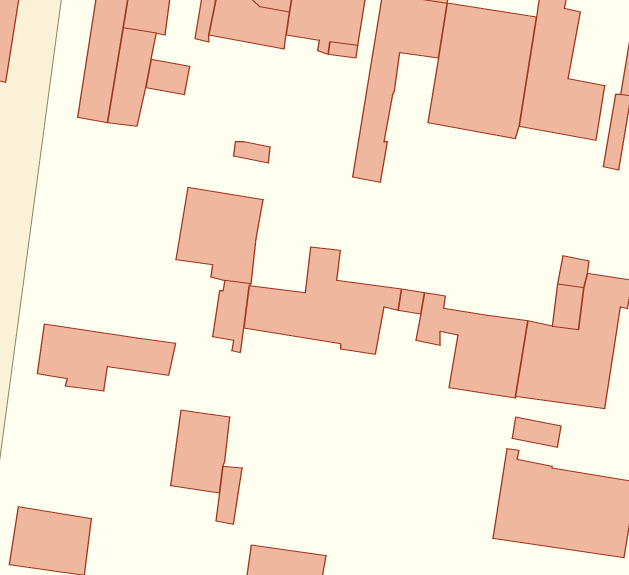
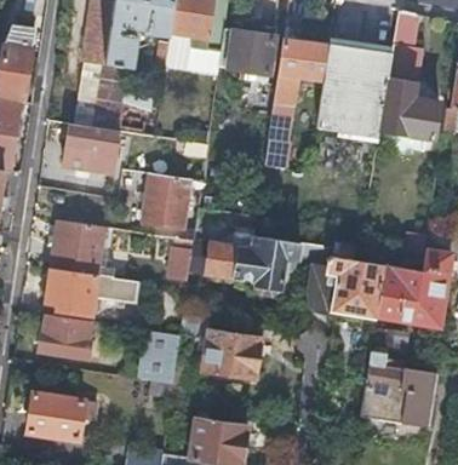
building: none -> [63,122,118,174]
building: none -> [51,219,116,276]
building: none -> [181,311,259,377]
building: none -> [39,312,92,356]

